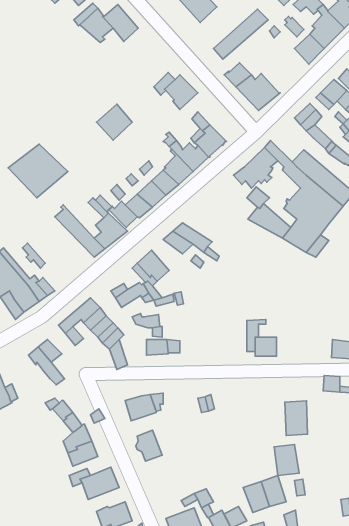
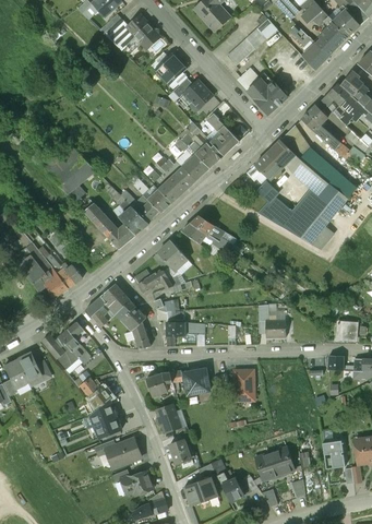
building: [96,104,132,140] -> [154,52,187,85]
building: none -> [43,334,79,369]
building: none -> [184,369,209,394]
building: [285,401,308,435] -> [235,369,255,401]
building: [274,445,299,476] -> [323,440,346,468]
building: none -> [169,439,194,467]

